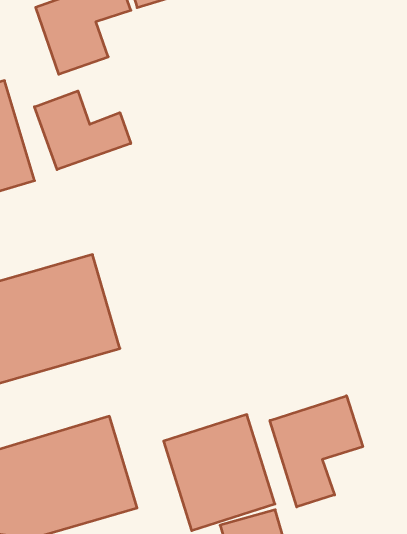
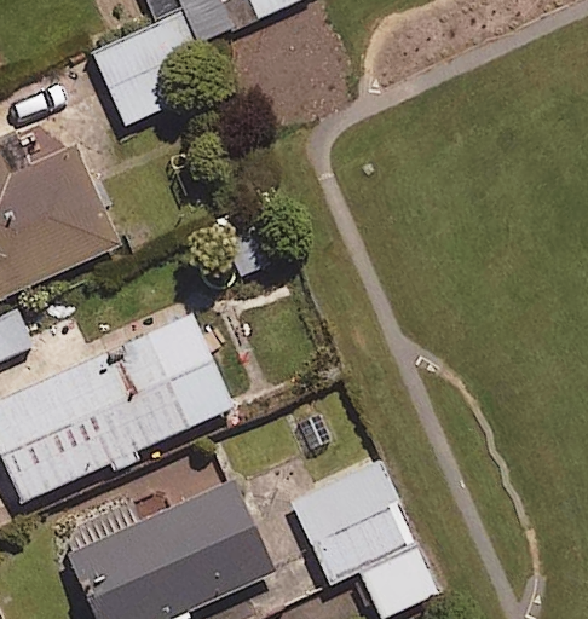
building: [34,91,131,170] -> none
building: [270,396,363,507] -> none

